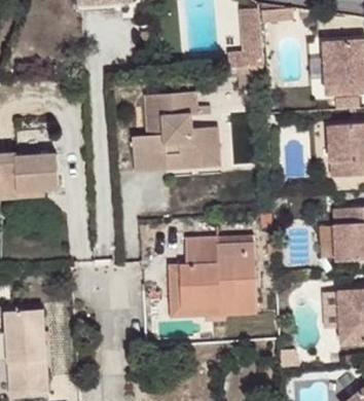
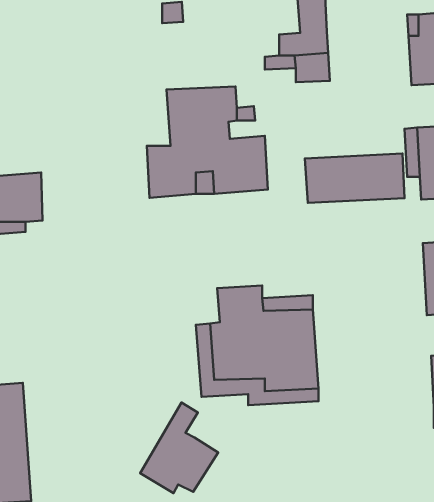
building: none -> [305,153,404,203]
building: none -> [140,403,218,493]

